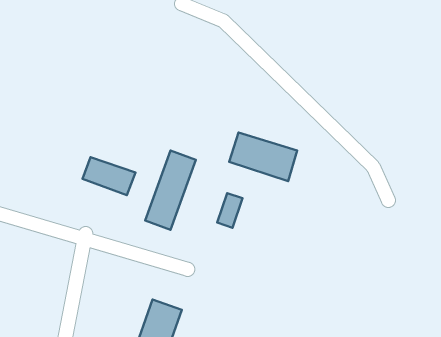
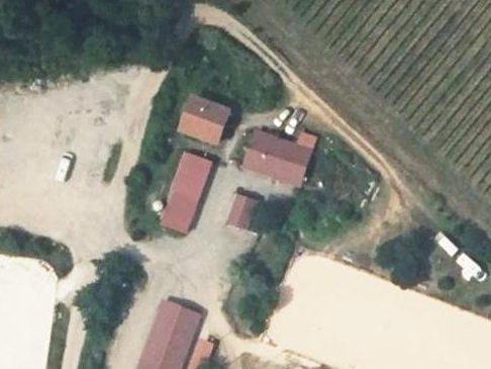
building: none -> [183,101,227,141]
building: [83,157,135,195] -> none

